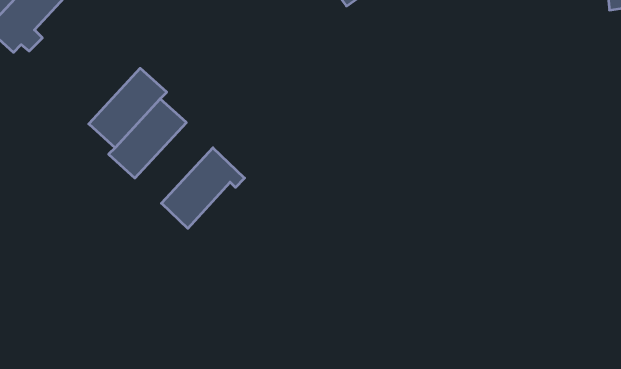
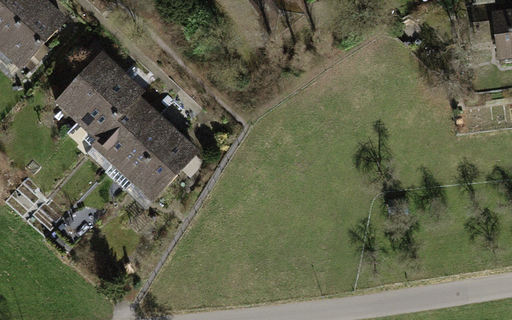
building: none -> [61,54,120,115]
building: none -> [116,114,175,175]

